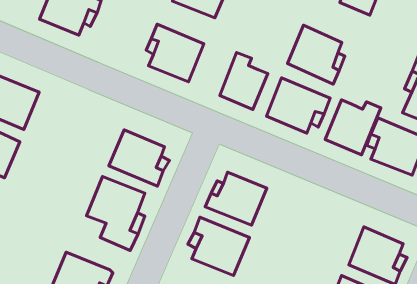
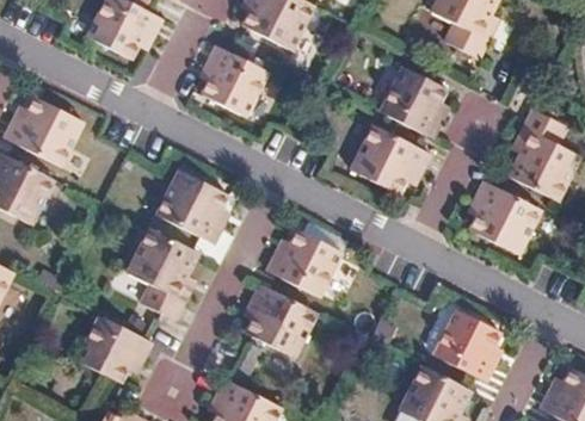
building: [220,52,268,109] -> none
building: [325,100,381,155] -> none

